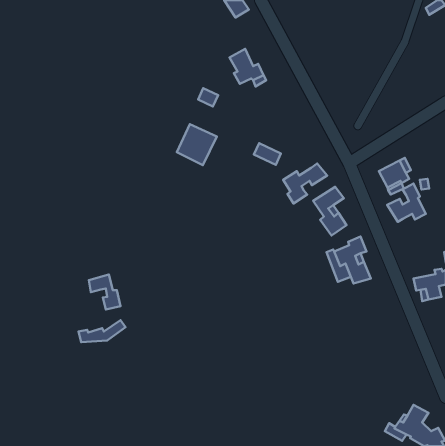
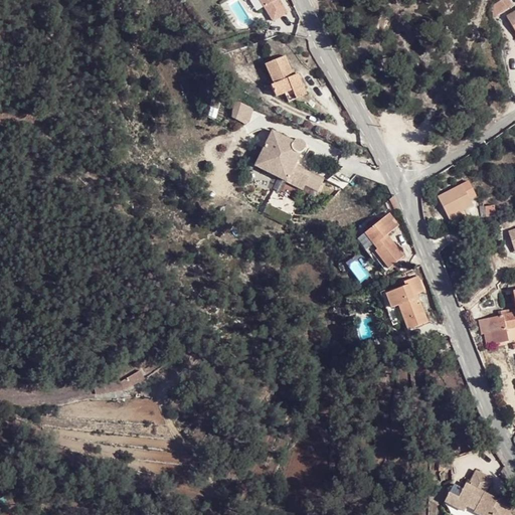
building: [177,124,217,165] -> [258,133,304,180]
building: [283,163,327,203] -> none
building: [387,184,426,222] -> none
building: [89,275,120,309] -> none

